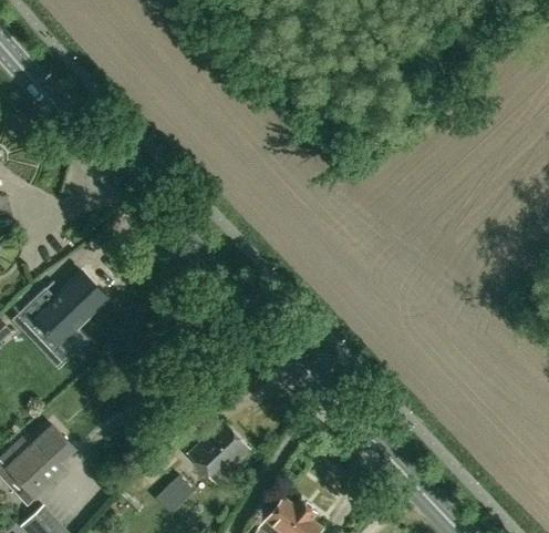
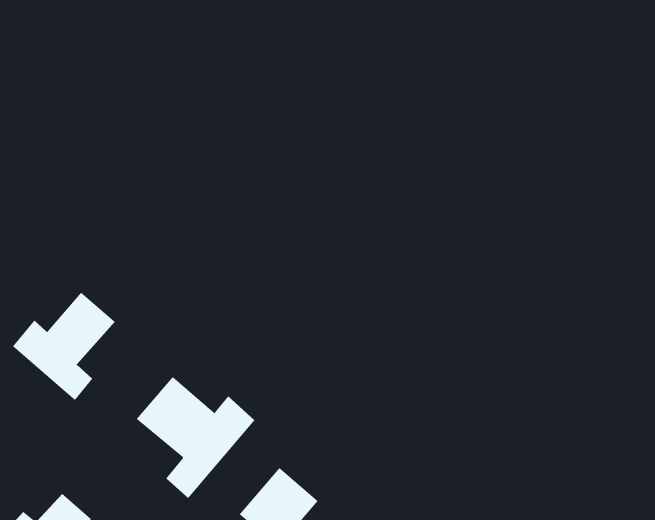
building: none -> [136,376,255,499]

